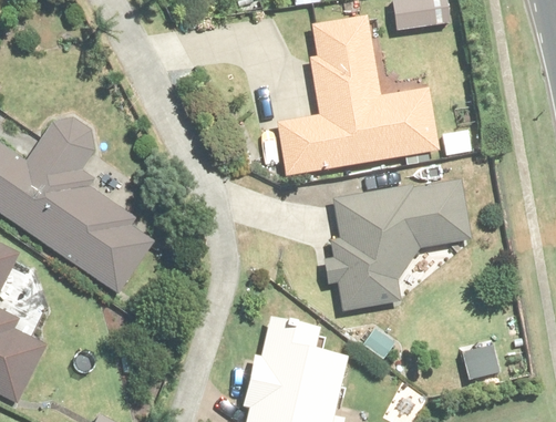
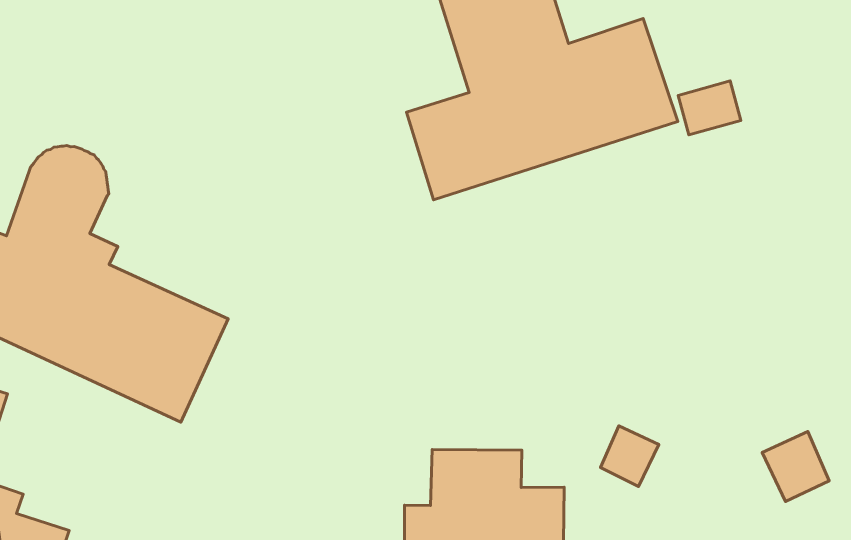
building: [325,181,471,307] -> none

